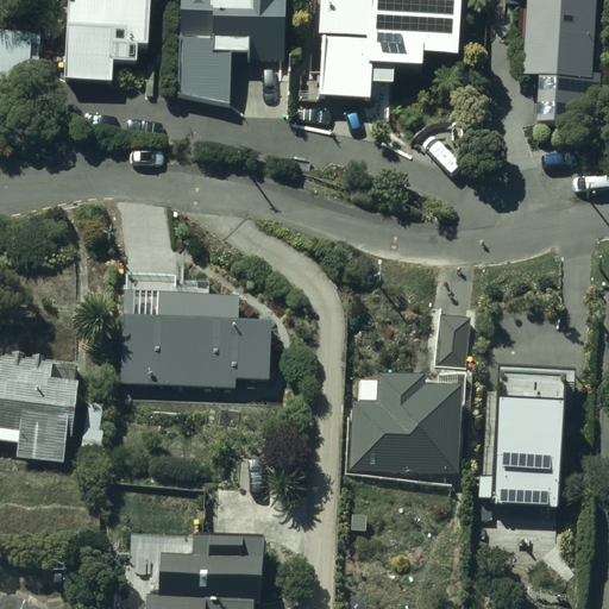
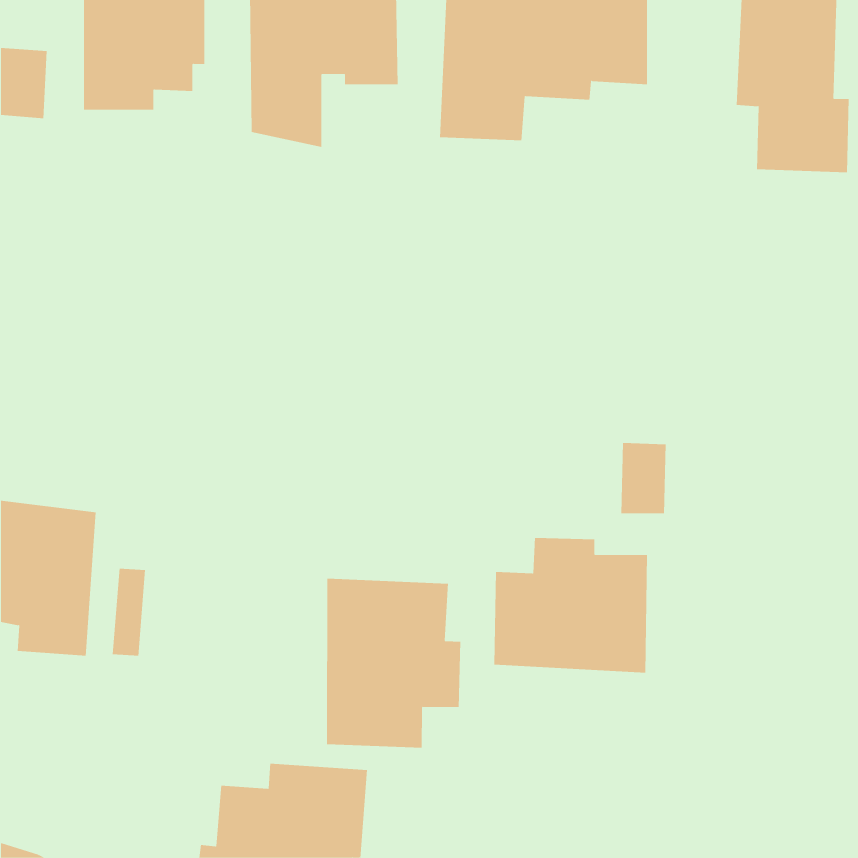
building: [120,272,270,388] -> none
building: [478,376,563,509] -> none
building: none -> [327,578,461,748]

